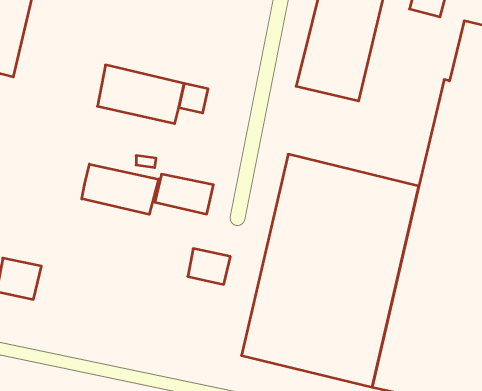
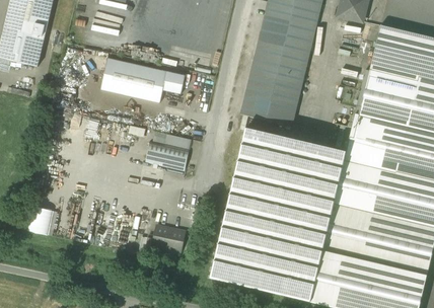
building: none -> [243,73,300,125]
building: [82,164,159,214] -> none
building: [188,249,230,284] -> [153,224,186,251]

